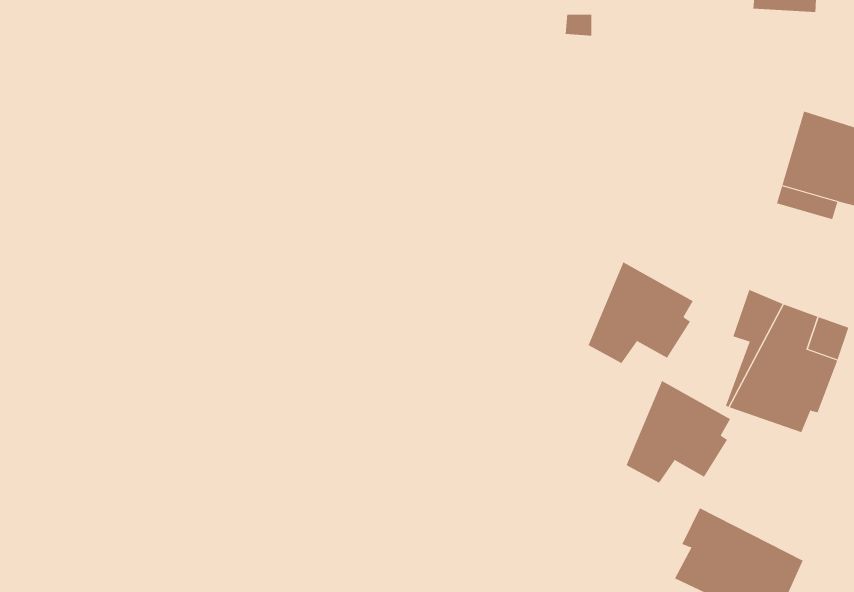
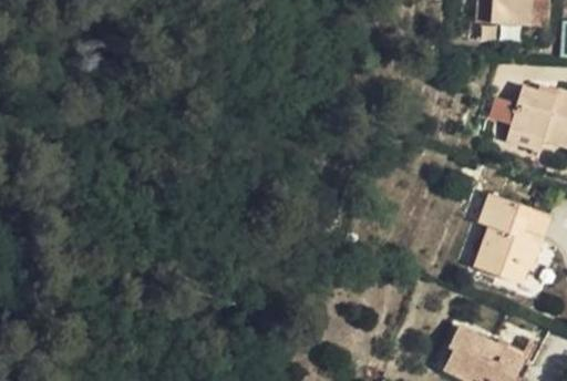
building: [588,262,693,364] -> none
building: [626,380,731,484] -> none

